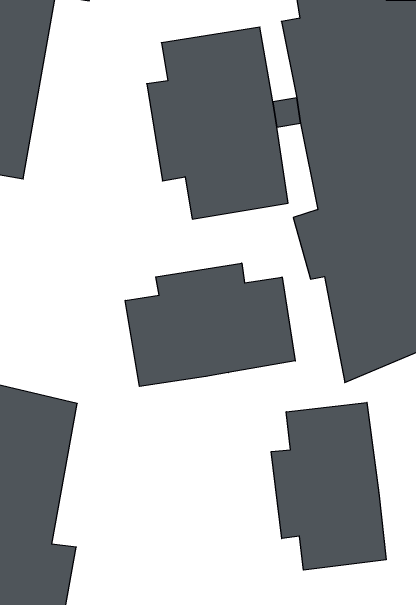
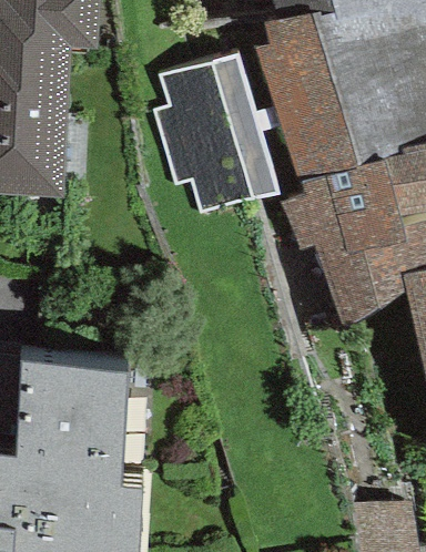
building: [125,263,295,386] -> none
building: [271,402,386,570] -> none

